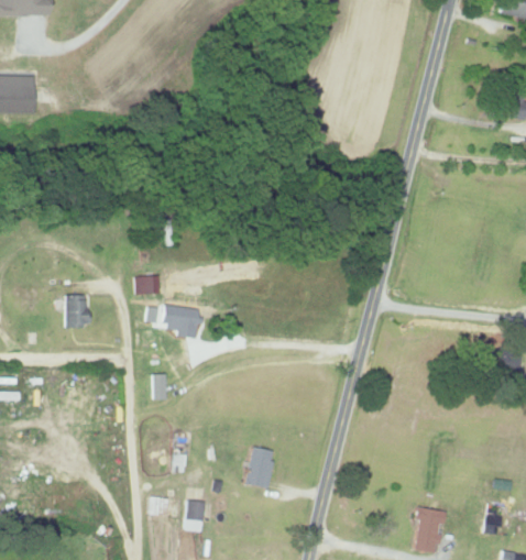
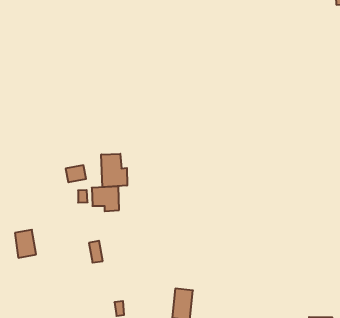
building: none -> [101,154,127,187]
building: [65,294,88,327] -> [15,230,36,258]

